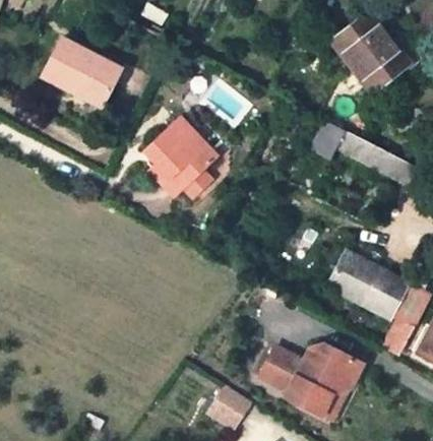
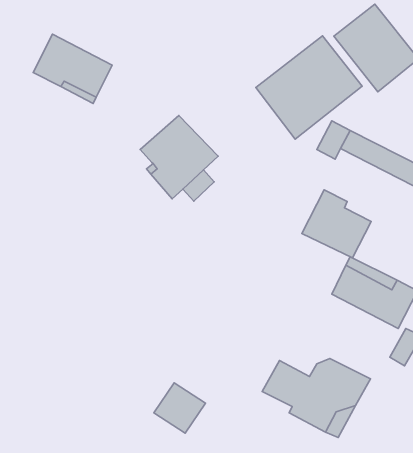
building: none -> [256,36,362,139]
building: none -> [302,190,371,258]
building: [203,380,252,428] -> [154,383,205,433]

